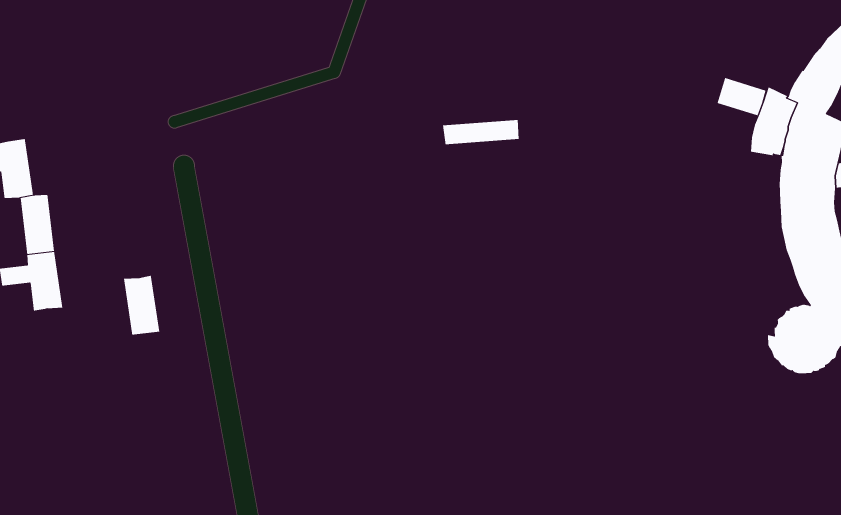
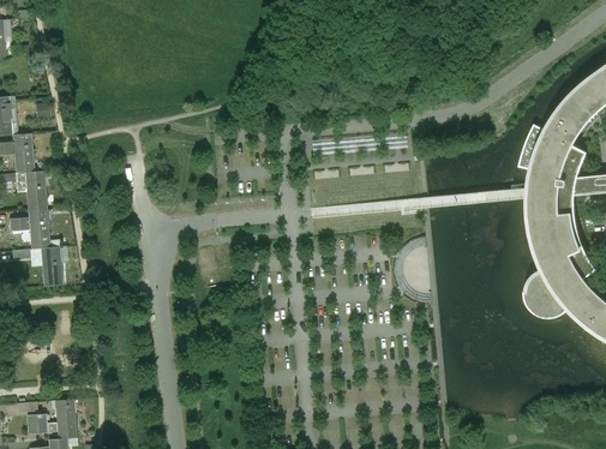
building: [717,77,766,116] -> none
building: [123,275,160,335] -> [40,246,62,286]

